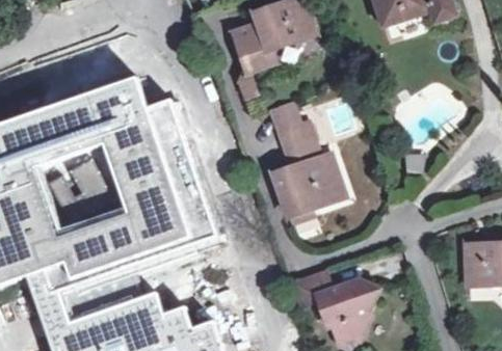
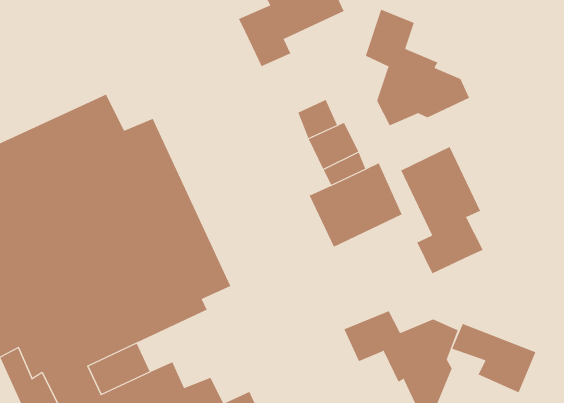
building: none -> [365,9,470,126]
building: none -> [401,146,484,274]
building: none -> [451,323,536,393]

